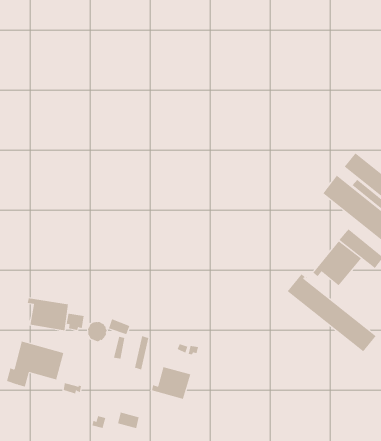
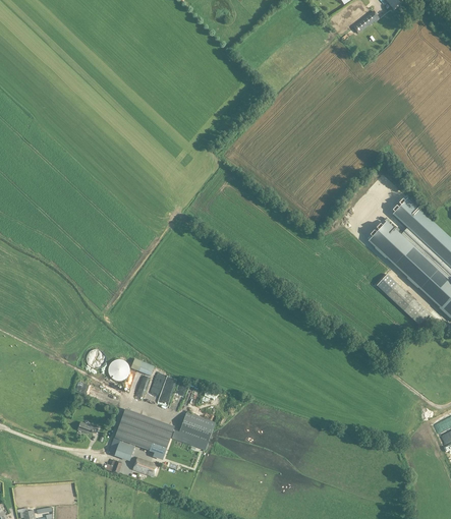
building: [313,240,362,286] -> none
building: [287,273,377,352] -> none
building: [27,297,69,331] -> none
building: [6,341,64,387] -> [110,410,174,460]

